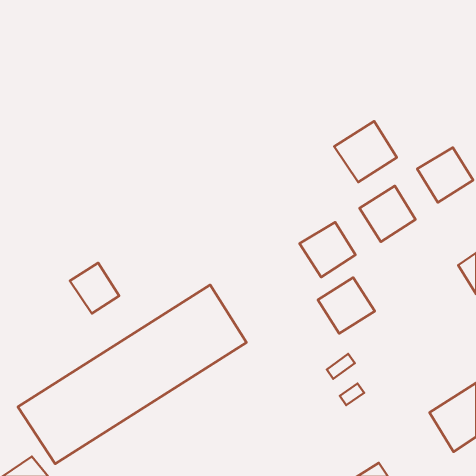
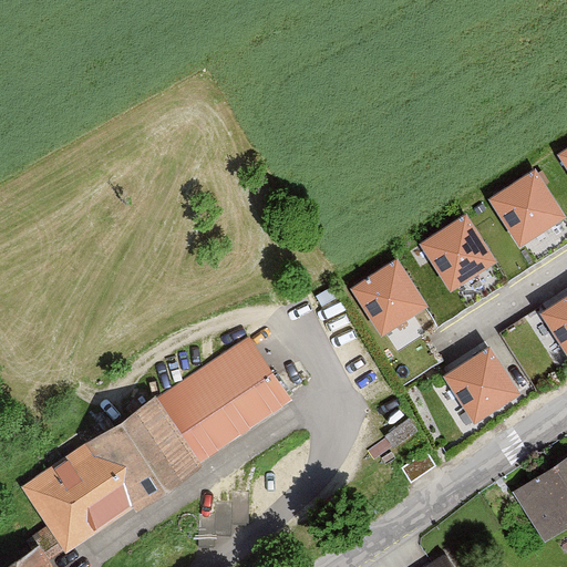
building: [334,121,397,182] -> none
building: [70,263,119,314] -> none
building: [318,278,375,334] -> [449,352,516,419]

